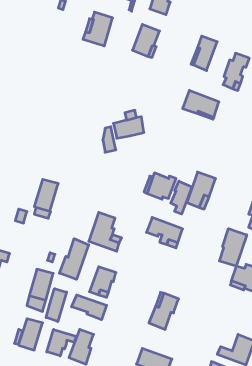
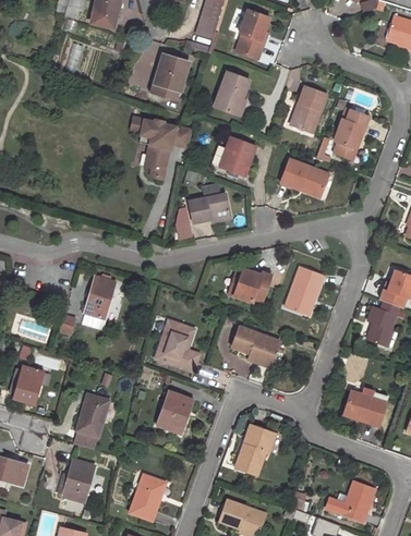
building: none -> [132,117,193,179]
building: none -> [220,136,255,175]
building: [171,181,192,214] -> none
building: [219,229,247,266] -> none
building: [59,239,89,279] -> none
building: [46,289,67,322] -> none
building: [72,295,107,320] -> none
building: [47,329,76,356] -> none

